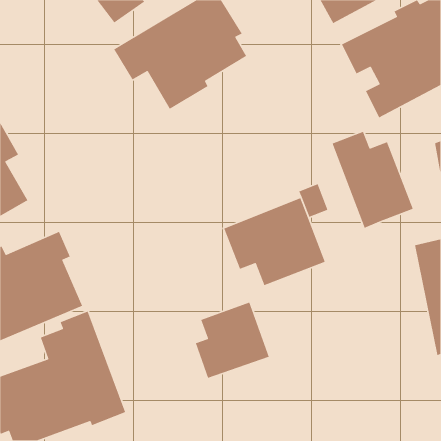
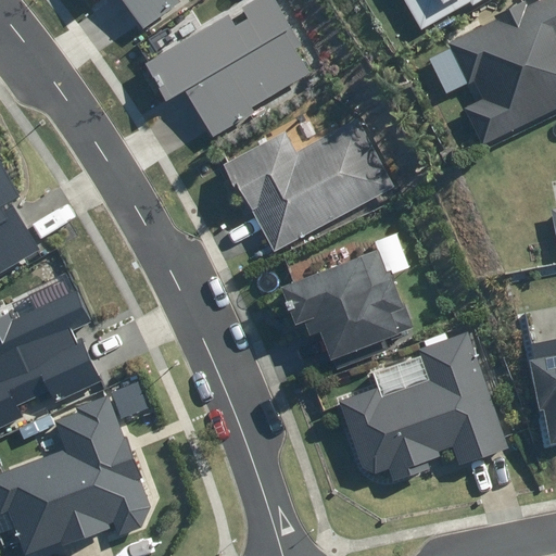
building: none -> [225,110,396,251]
building: [332,131,414,229] -> none
building: none -> [334,327,509,484]
building: [195,302,270,379] -> none

